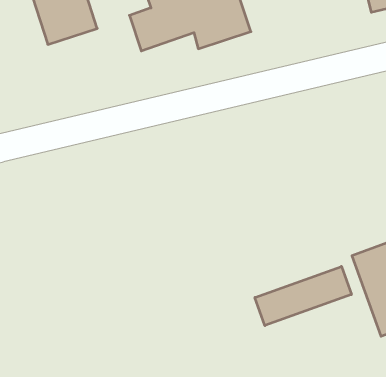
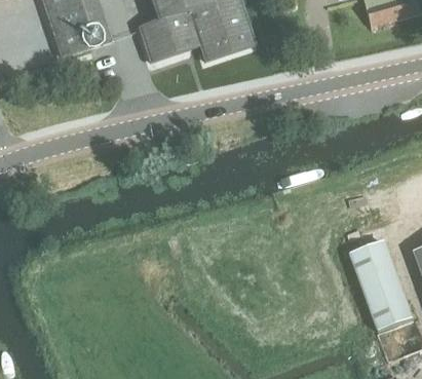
building: [255,266,351,326] -> none

